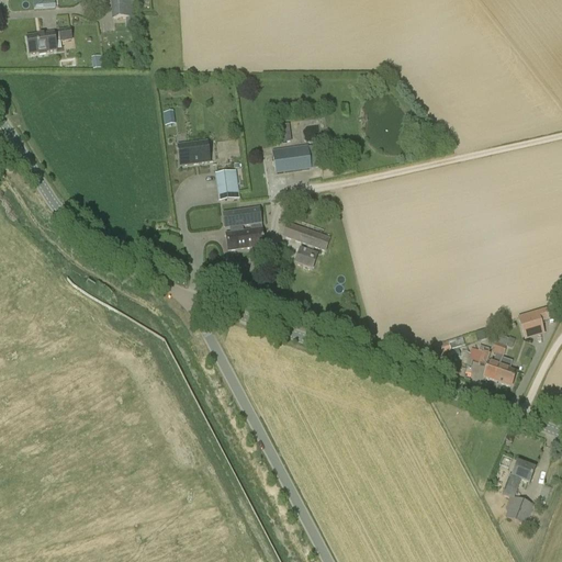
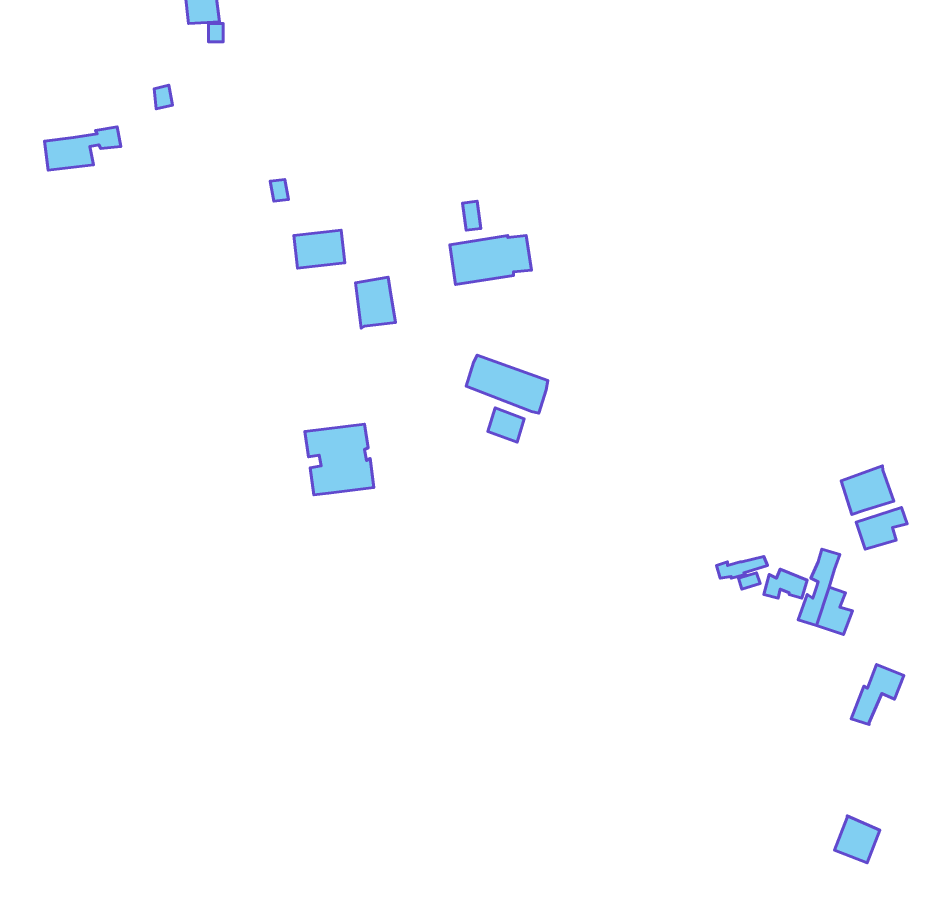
building: [26,25,72,52] -> [45,127,121,170]
building: [223,205,265,248] -> [305,424,374,495]
building: none -> [841,466,894,515]
building: [502,459,533,495] -> [851,665,904,724]

